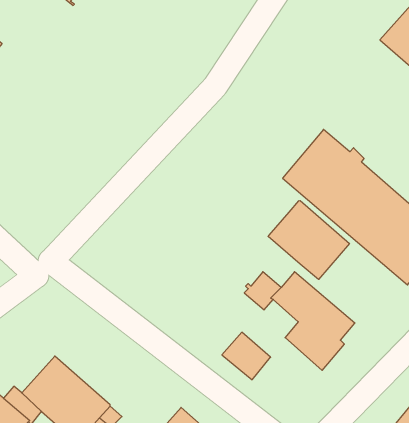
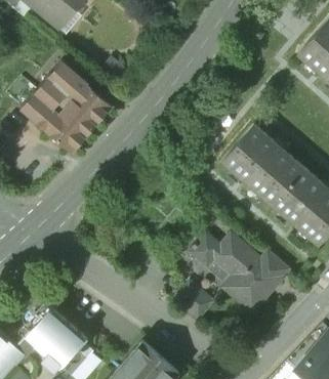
building: none -> [20,61,112,154]
building: [268,201,349,279] -> none

